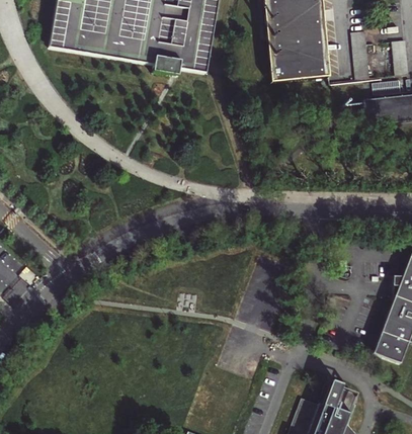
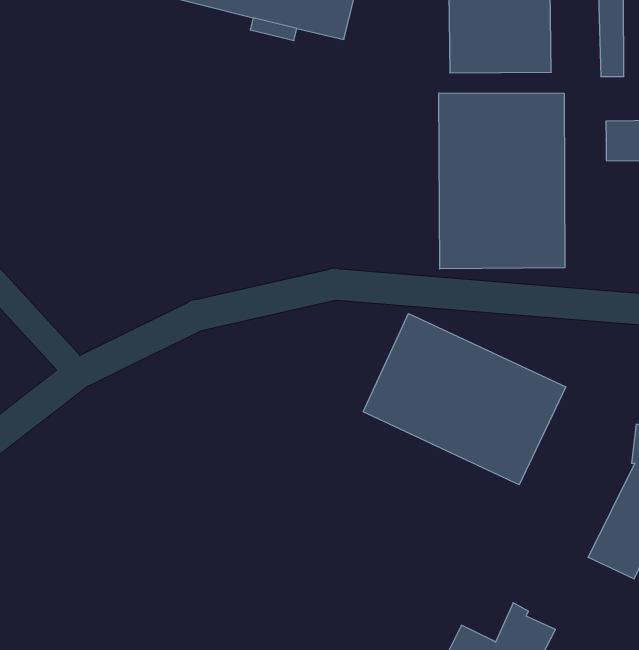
building: none -> [439,93,565,269]
building: none -> [363,314,566,485]

